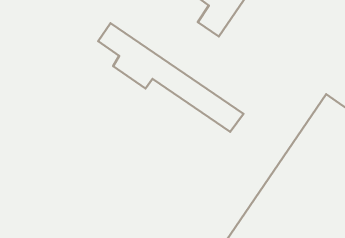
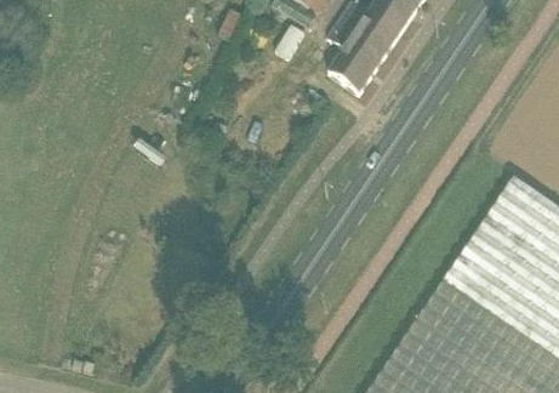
building: [98,23,243,132] -> none

